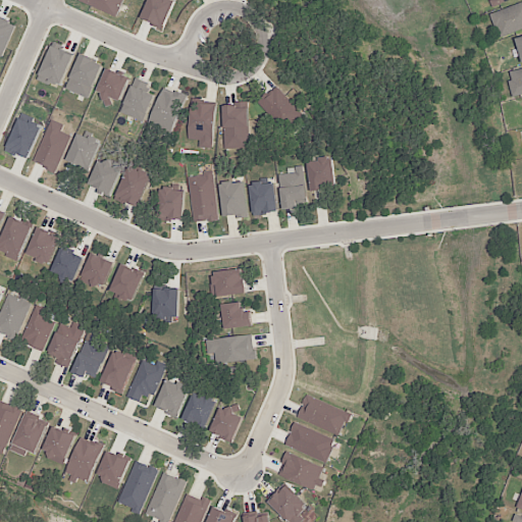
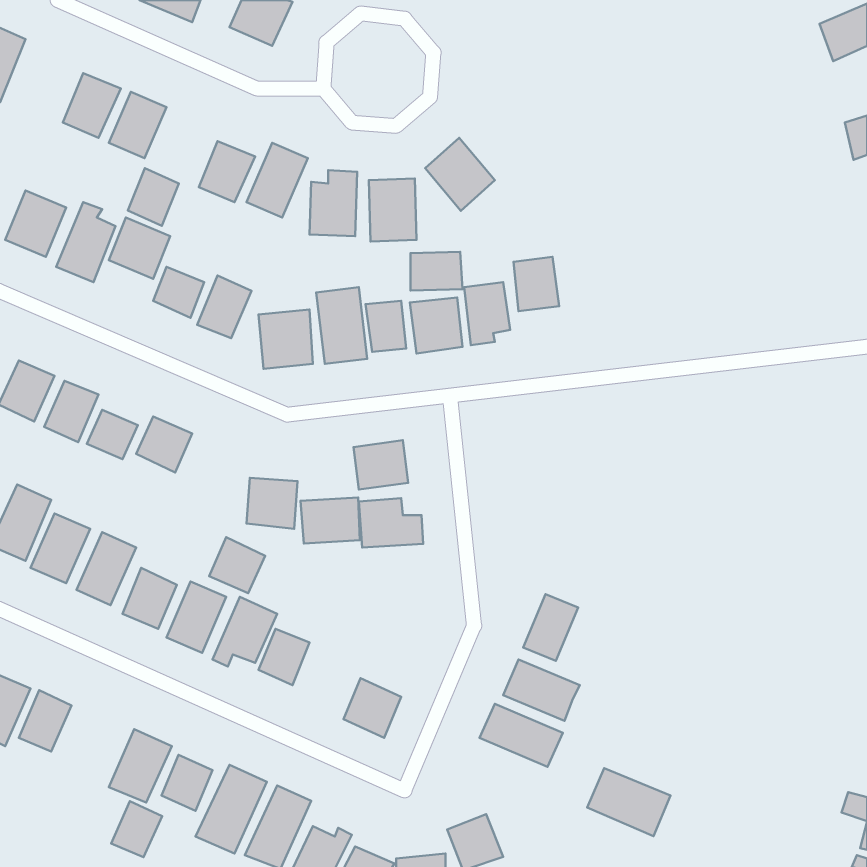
building: [97,69,127,104] -> [128,168,179,226]
building: none -> [410,252,463,291]
building: [110,265,144,299] -> [209,537,265,593]
building: [214,335,250,363] -> [300,498,360,543]
building: none -> [523,594,578,661]
building: [181,389,214,425] -> none
building: [41,428,71,462] -> [111,801,162,857]
building: [275,452,325,492] -> [587,768,670,836]

